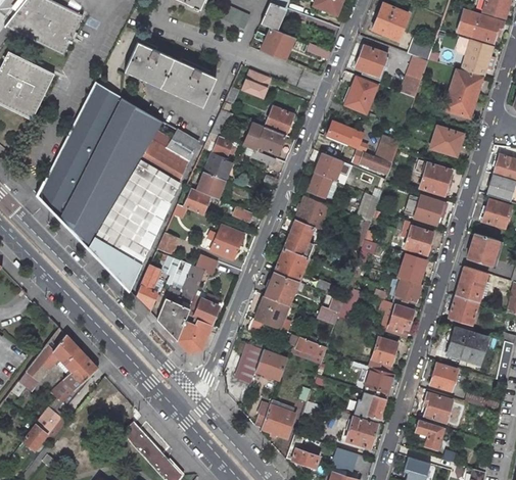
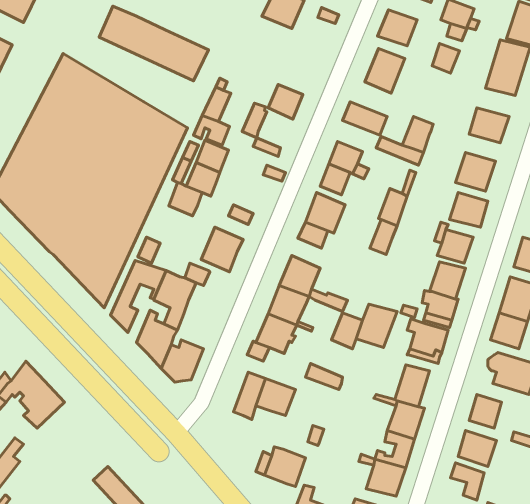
building: [242,69,271,99] -> none
building: [256,126,285,154] -> none
building: [284,234,314,258] -> none
building: [187,296,219,325] -> none

